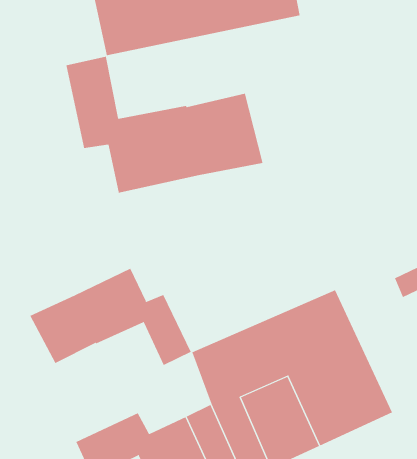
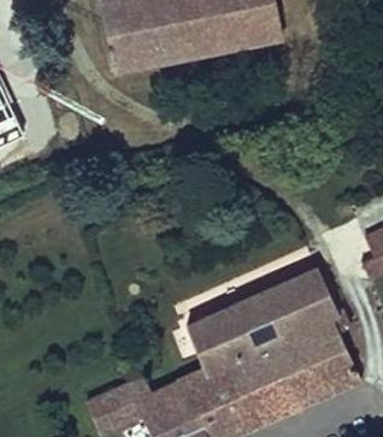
building: [66,56,263,194] -> none
building: [30,268,191,366] -> none

